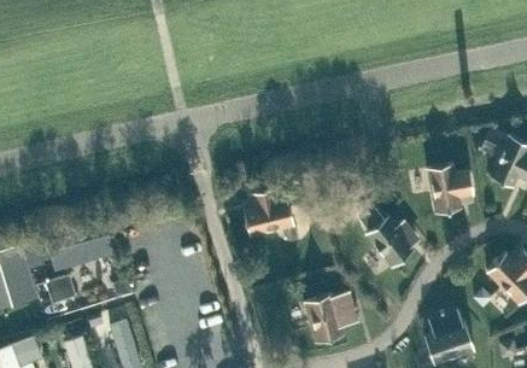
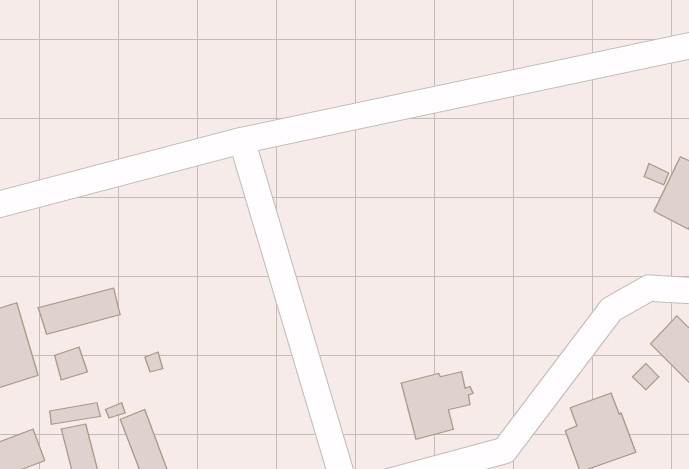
building: [427,165,476,215] -> none
building: [247,191,295,236] -> none
building: [362,209,422,269] -> none

